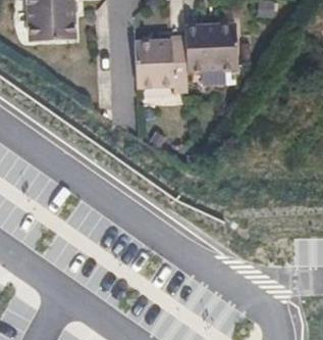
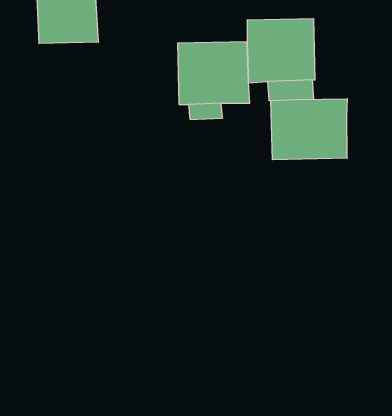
building: none -> [271,99,347,160]

